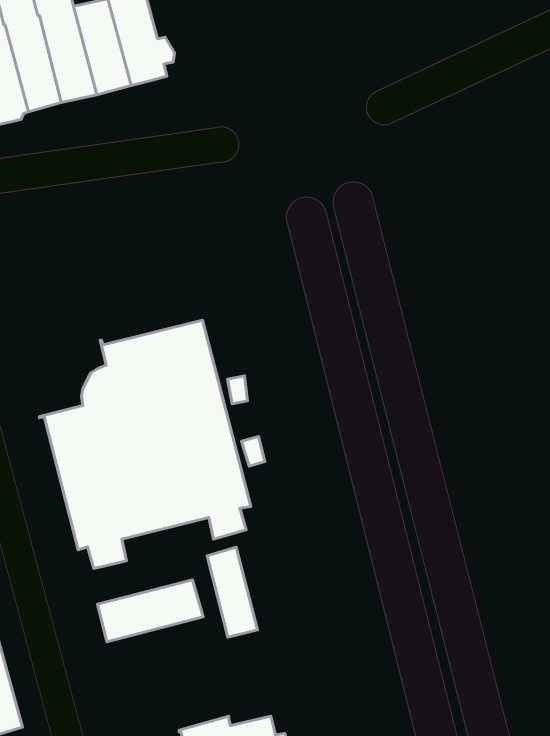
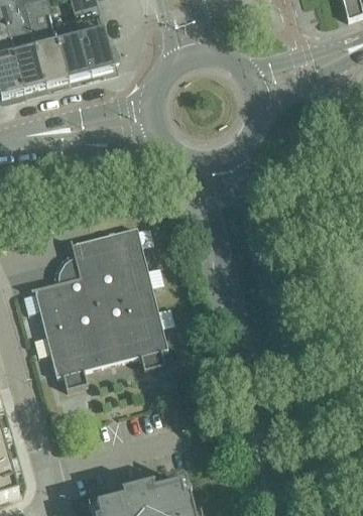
building: [207,547,257,637] -> none
building: [97,580,203,642] -> none

